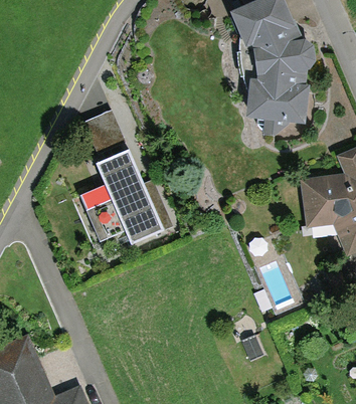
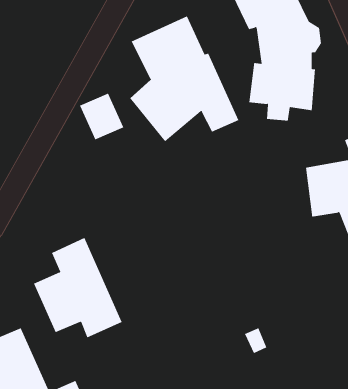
building: none -> [130,15,239,142]
building: [78,151,164,247] -> [33,237,123,338]

